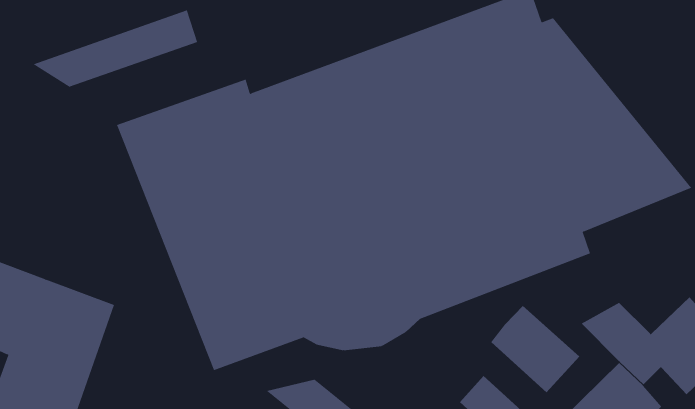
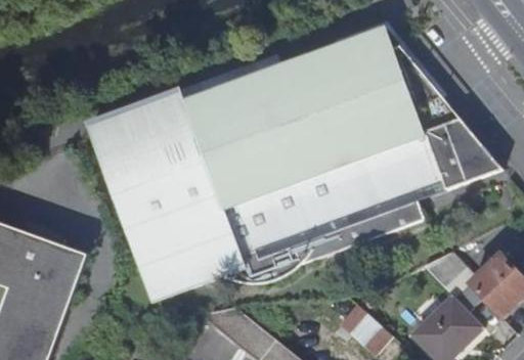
building: [32,10,198,88] -> none
building: [491,305,580,393] -> none

